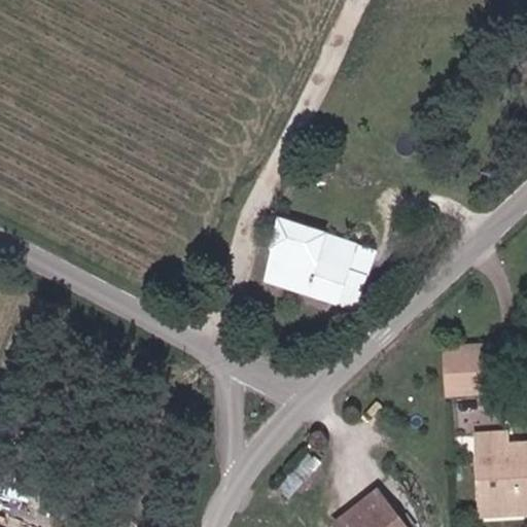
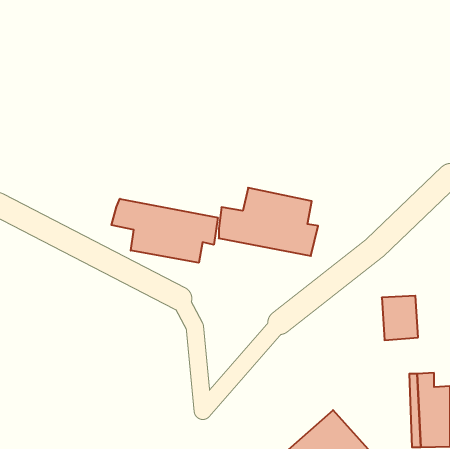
building: none -> [111,199,218,263]

